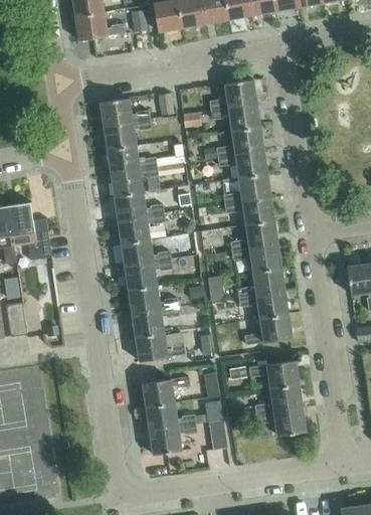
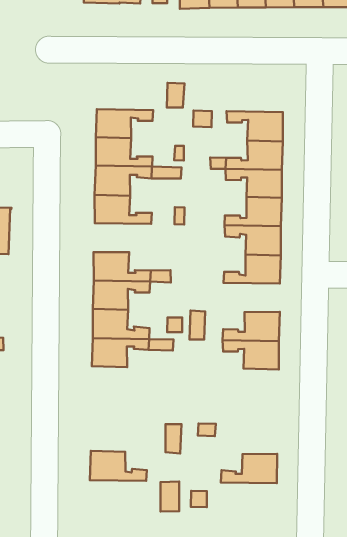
building: [209,78,256,110] -> none
building: [100,98,150,126] -> none
building: [118,212,165,243] -> none
building: [231,243,282,272] -> none
building: [244,314,293,344] -> none
building: [135,333,185,361] -> none
building: [249,360,299,388] -> none
building: [142,376,189,406] -> none
building: [256,407,306,436] -> none
building: [149,423,197,454] -> none

